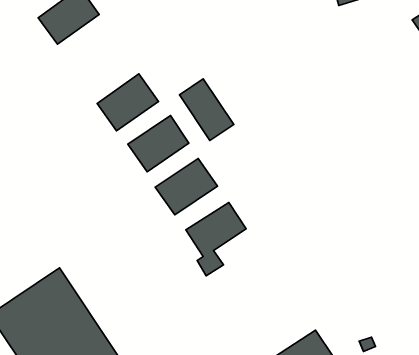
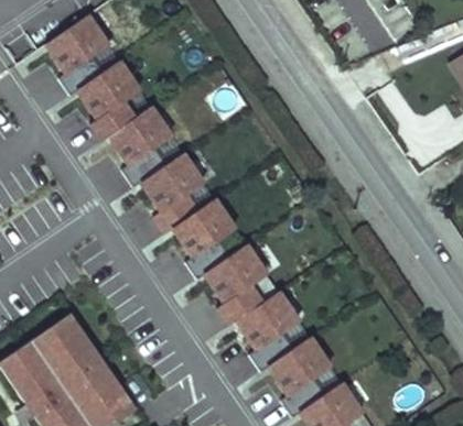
building: none -> [78,62,143,141]
building: [179,79,234,141] -> none
building: none -> [237,293,303,353]
building: none -> [267,338,334,398]

